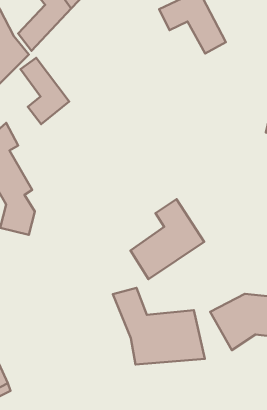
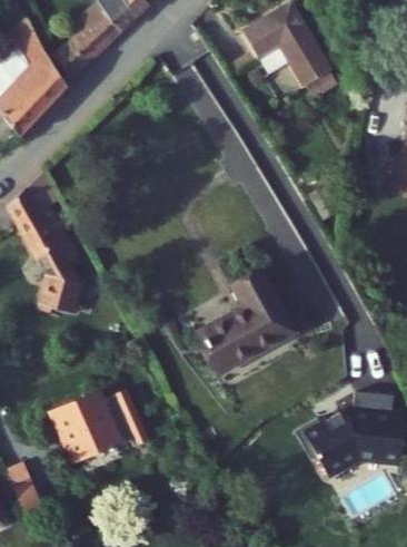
building: [21,58,69,124] -> none
building: [113,288,205,365] -> none
building: none -> [53,395,152,469]

